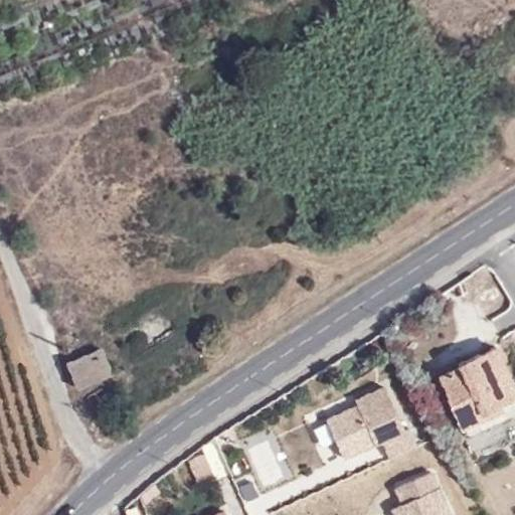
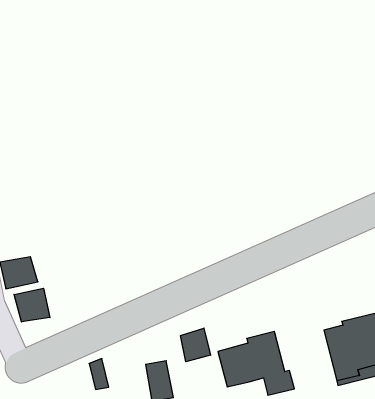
building: none -> [14,288,50,322]
building: none -> [181,328,211,362]

